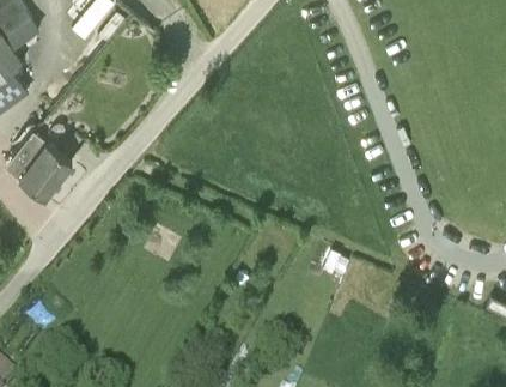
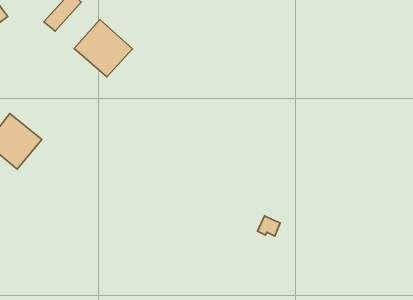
building: none -> [74,19,132,77]

